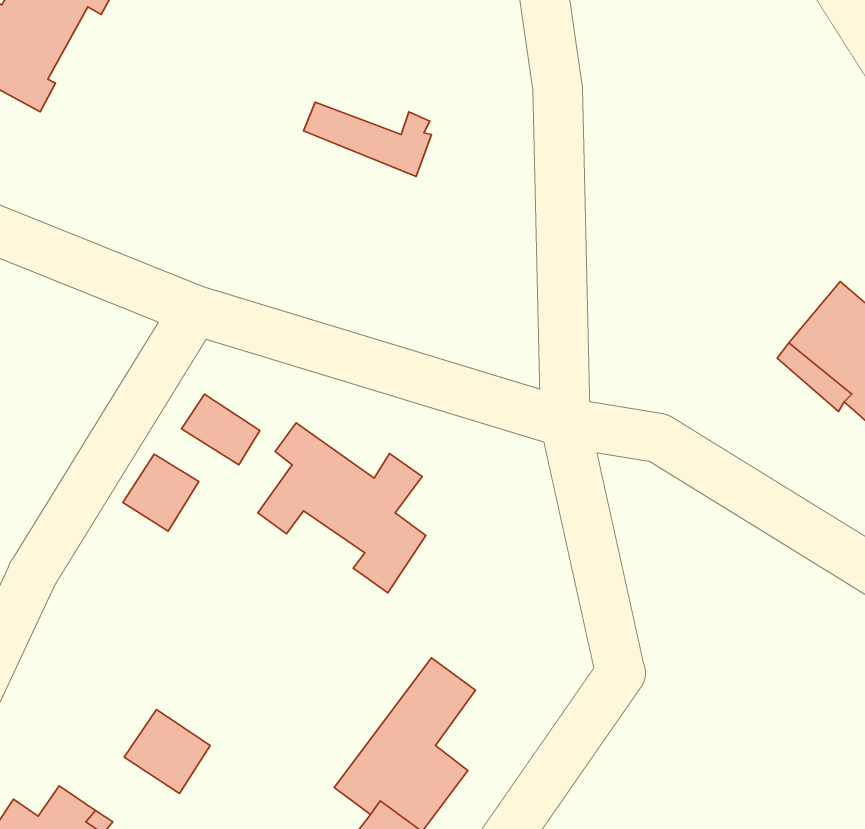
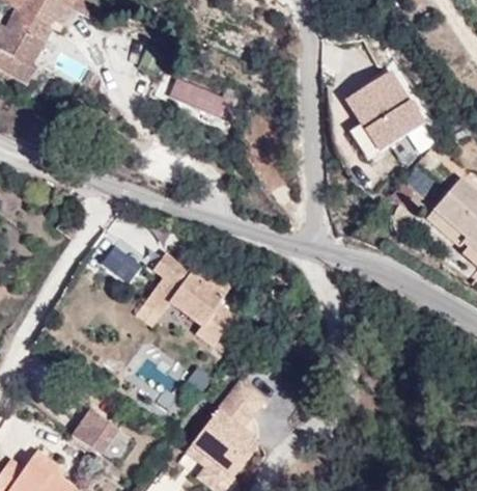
building: none -> [345,74,427,166]
building: [123,454,199,531] -> none

